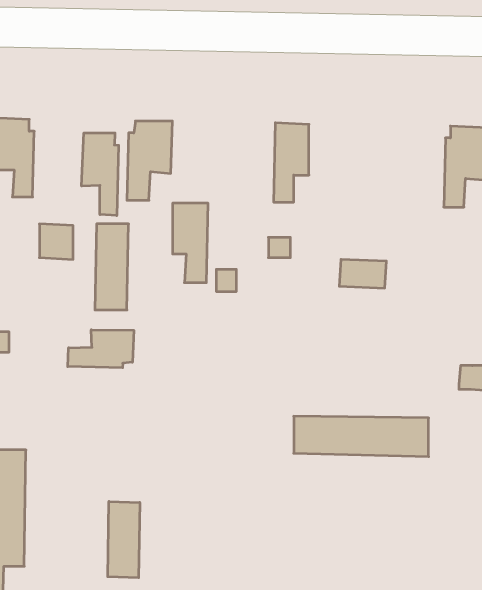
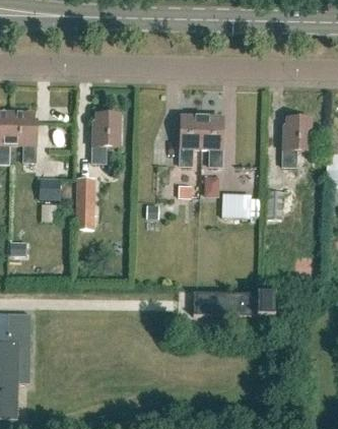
building: [82,133,119,216] -> none
building: [173,203,208,283] -> [202,116,223,164]
building: [68,330,134,368] -> none
building: [108,501,140,578] -> none

